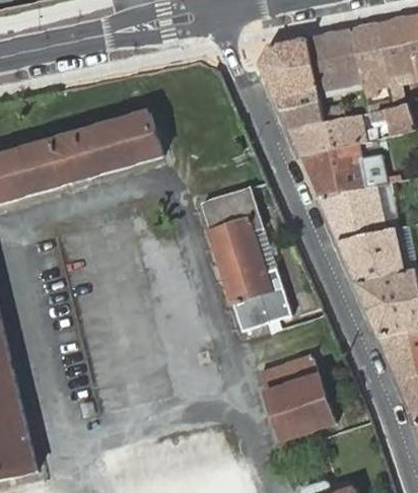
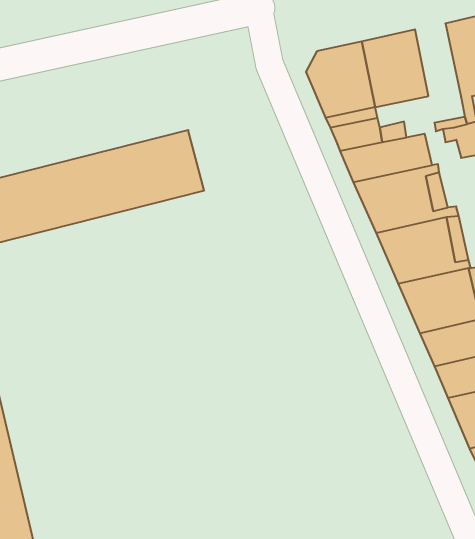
building: [349,21,388,95] -> none
building: [200,185,291,331] -> none
building: [258,354,334,439] -> none

